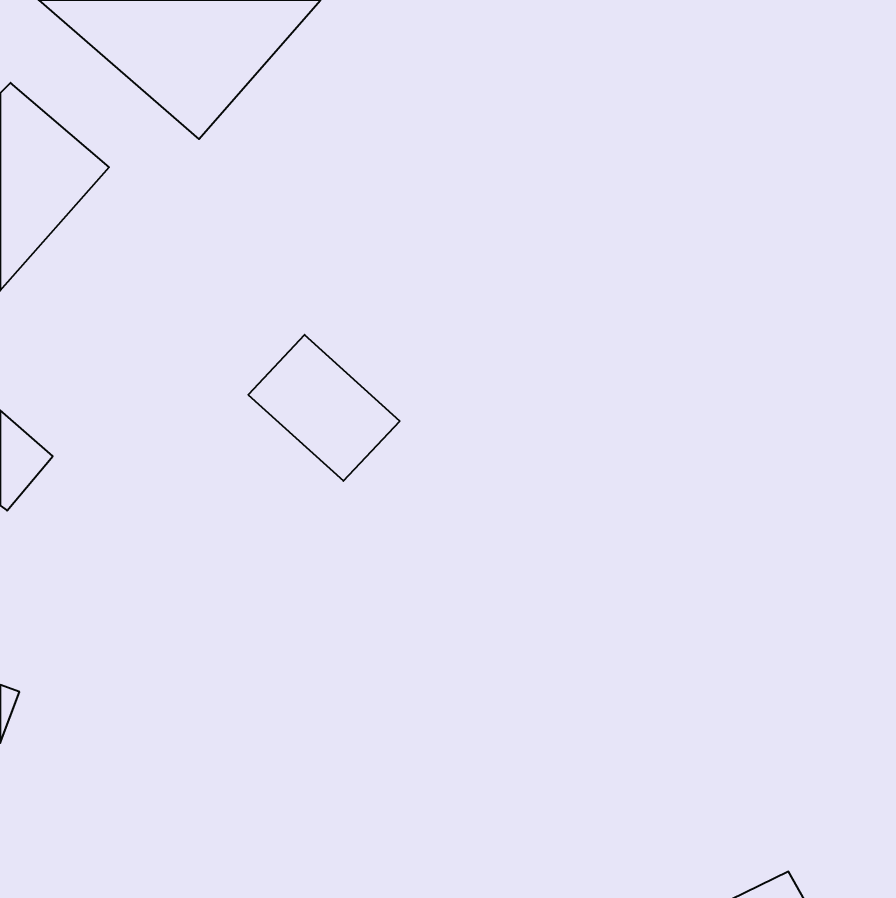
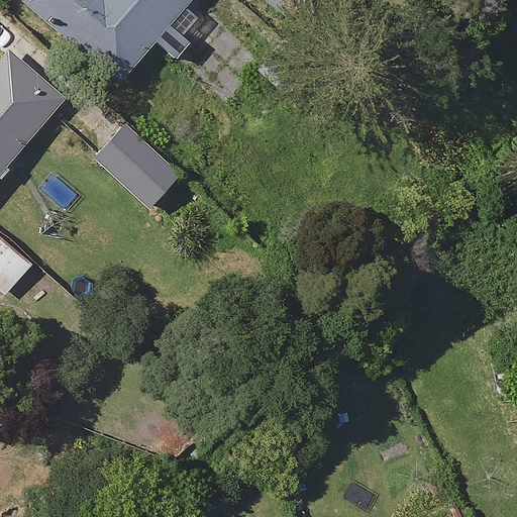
building: [248,335,400,481] -> [92,122,179,206]

